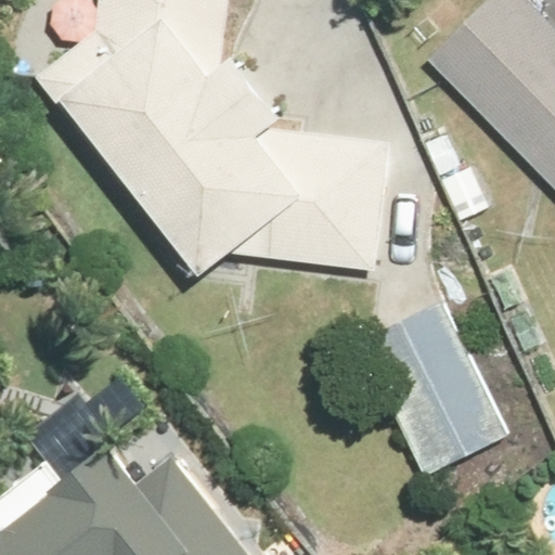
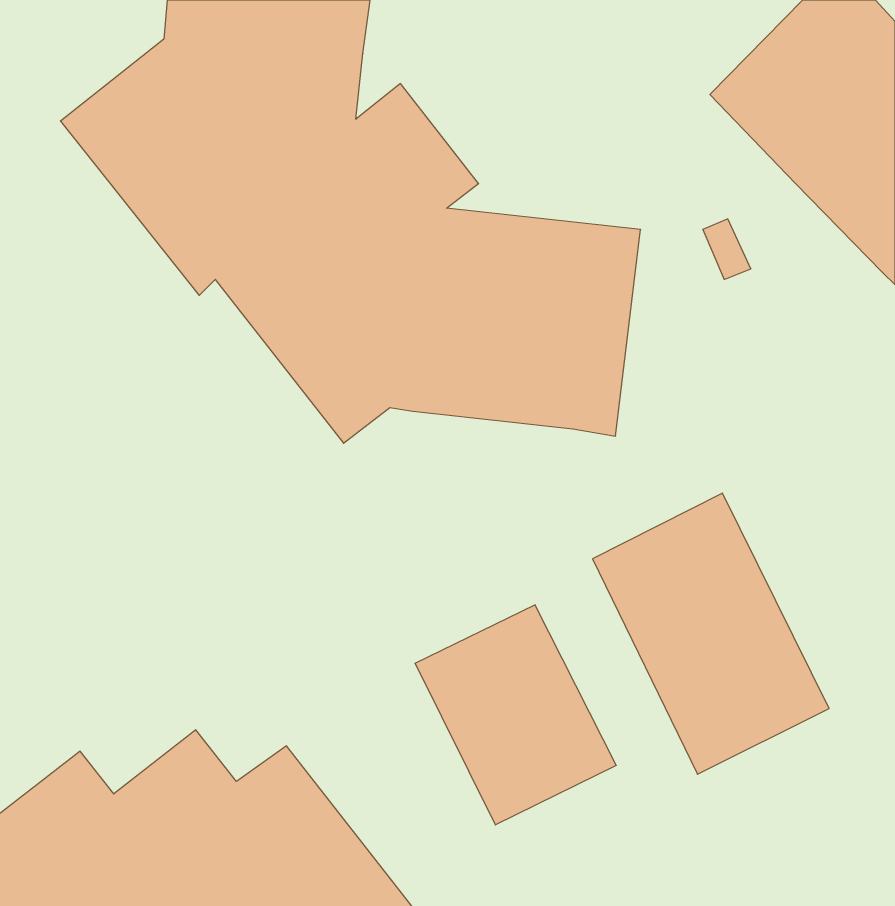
building: none -> [415,605,616,825]

